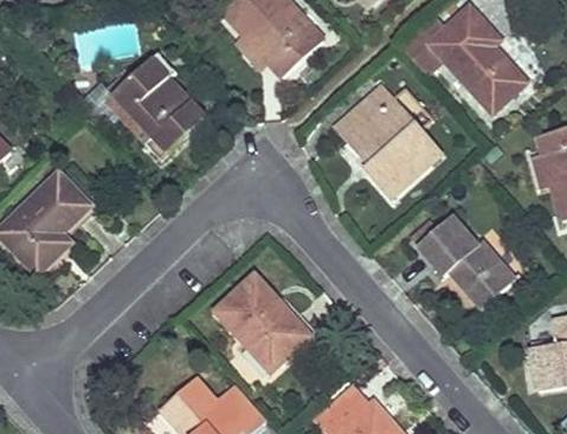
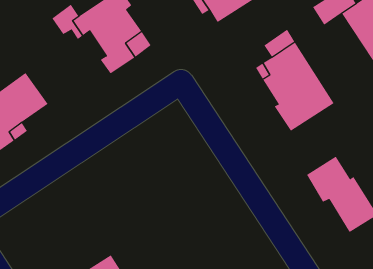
building: [217,276,309,370] -> none

